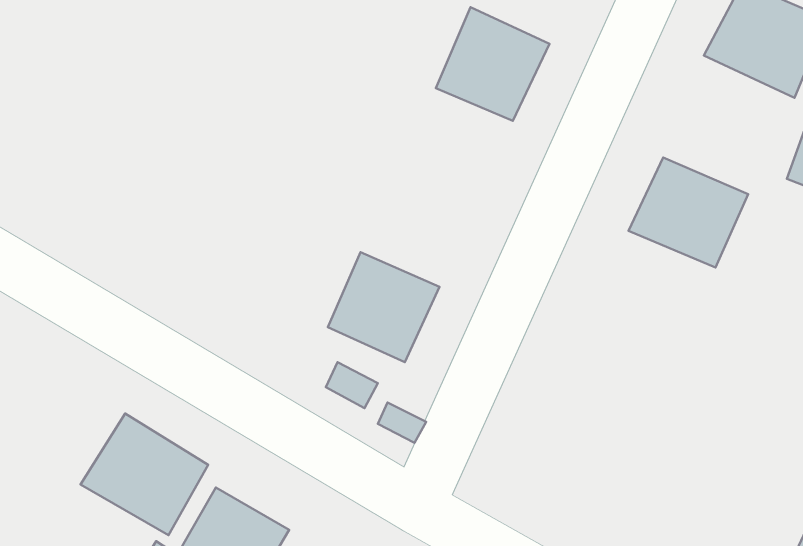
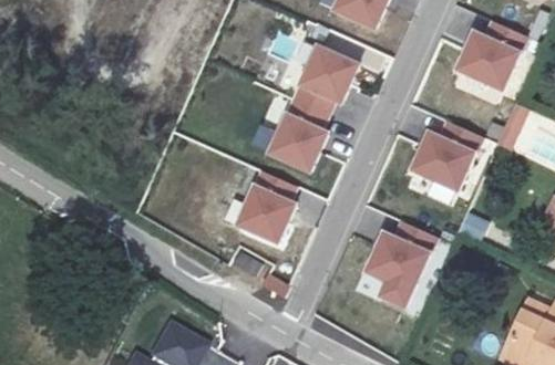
building: none -> [265,111,331,175]
building: none -> [363,227,432,309]
building: [81,414,208,535] -> none

